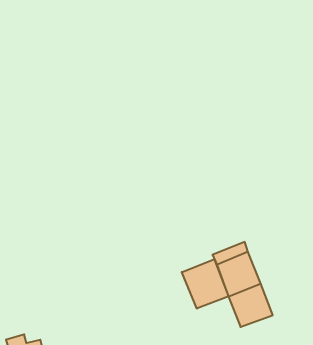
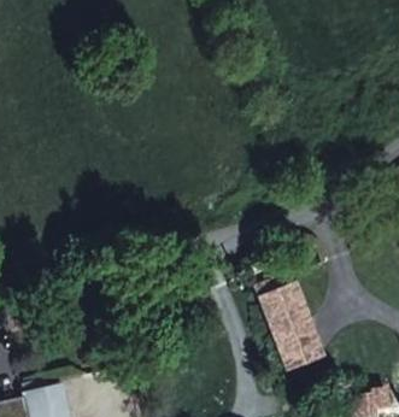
building: [182,259,229,309] -> none

